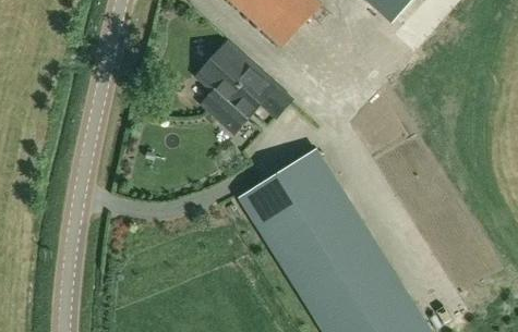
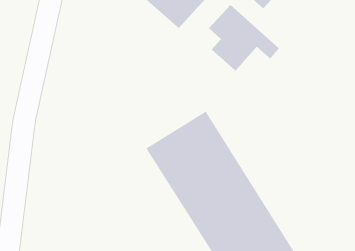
building: [198,45,290,131] -> [208,4,280,72]

